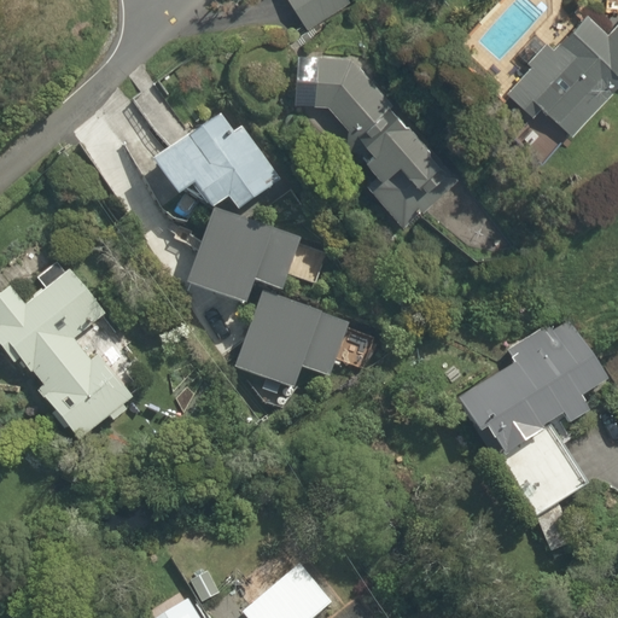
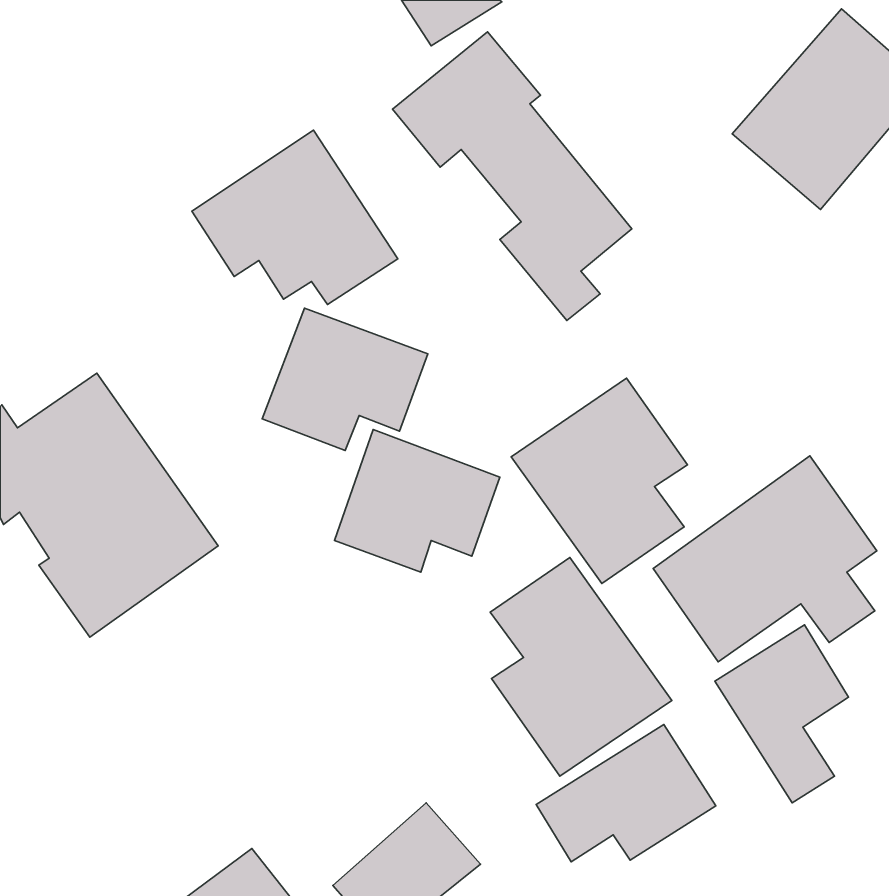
building: none -> [511,378,687,584]
building: none -> [490,557,672,776]
building: none -> [536,725,716,862]

